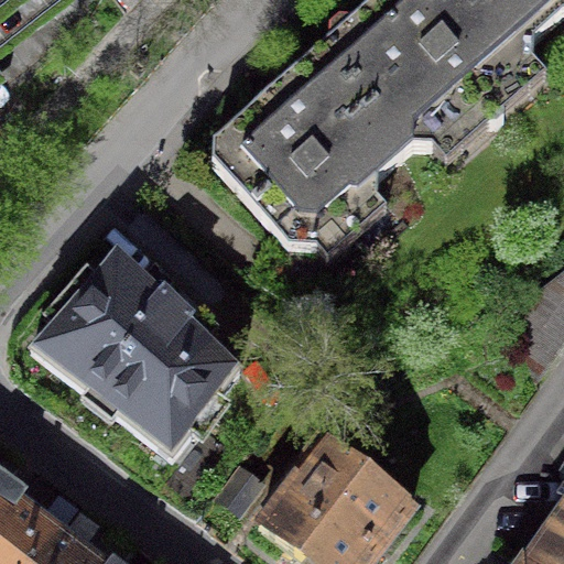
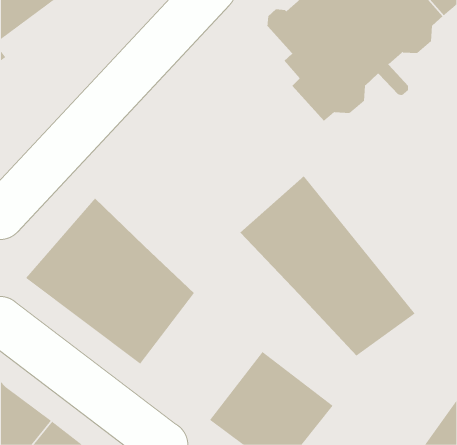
building: [213,33,399,242] -> none
building: none -> [239,176,416,357]

